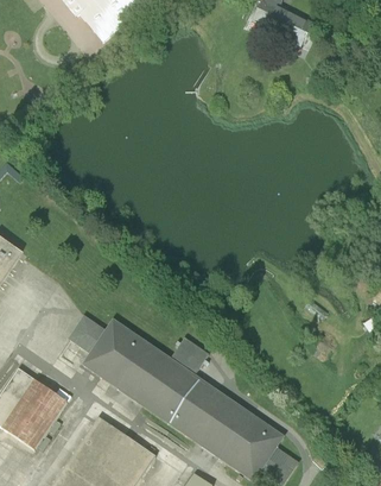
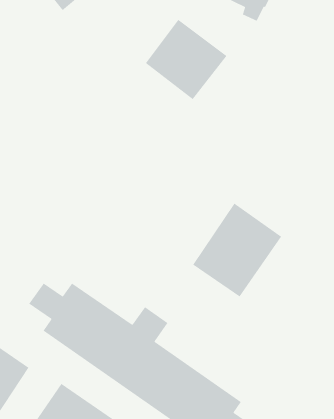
building: none -> [145,19,228,100]
building: none -> [192,203,282,298]

